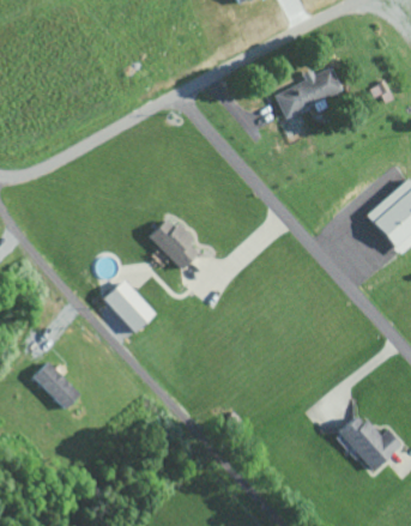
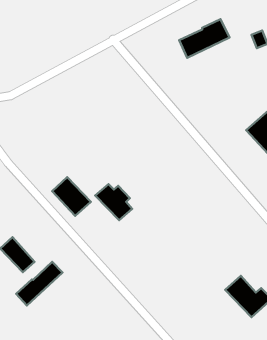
building: [147,219,198,268] -> [95,184,132,220]
building: none -> [16,262,62,305]

